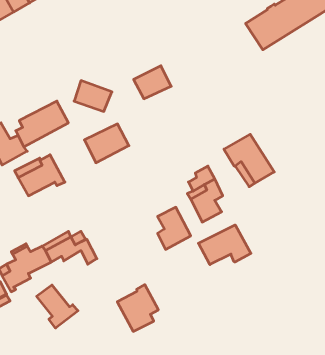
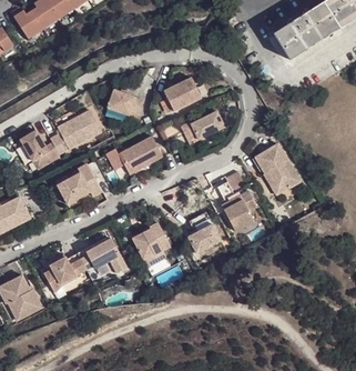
building: none -> [182,107,226,141]
building: [198,225,251,265] -> none
building: [117,285,158,331] -> [132,223,172,269]
building: [37,285,78,328] -> none

